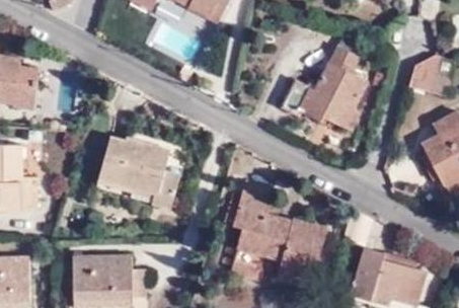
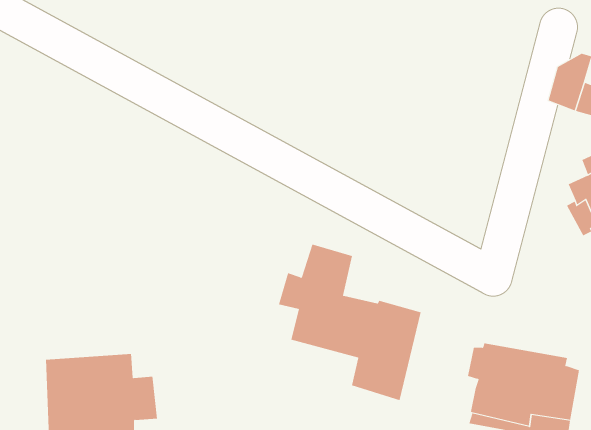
building: [279,43,368,125] -> none
building: [92,137,173,210] -> none

